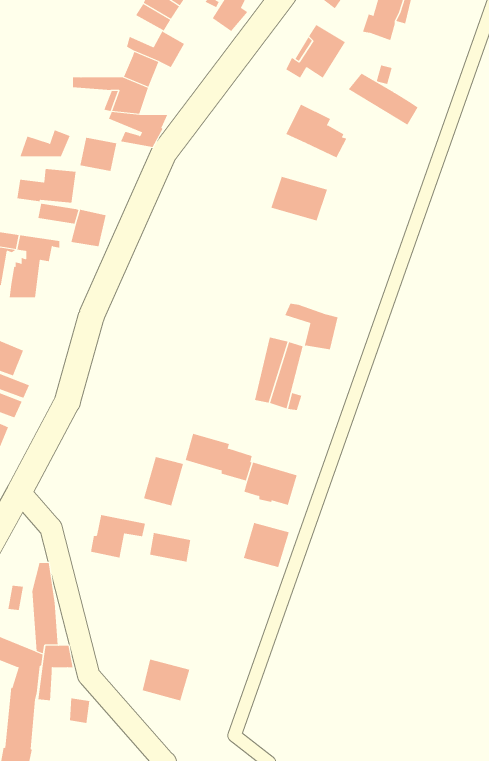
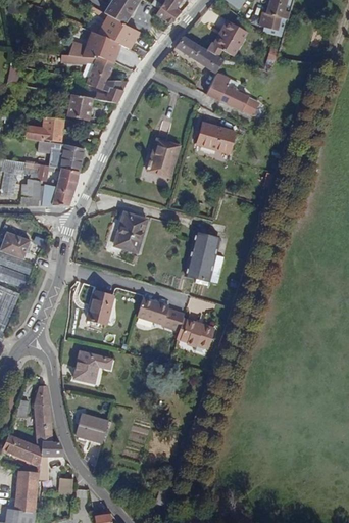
building: [348,73,418,125] -> [174,37,222,73]
building: [19,130,71,157] -> [67,37,102,55]
building: none -> [147,140,179,177]
building: none -> [39,168,80,205]
building: [285,303,338,350] -> none
building: none -> [116,212,146,252]
building: [143,456,184,506] -> [86,290,113,324]
building: [243,522,289,568] -> none
building: [150,532,191,562] -> none
building: [142,659,190,701] -> [76,414,108,442]

